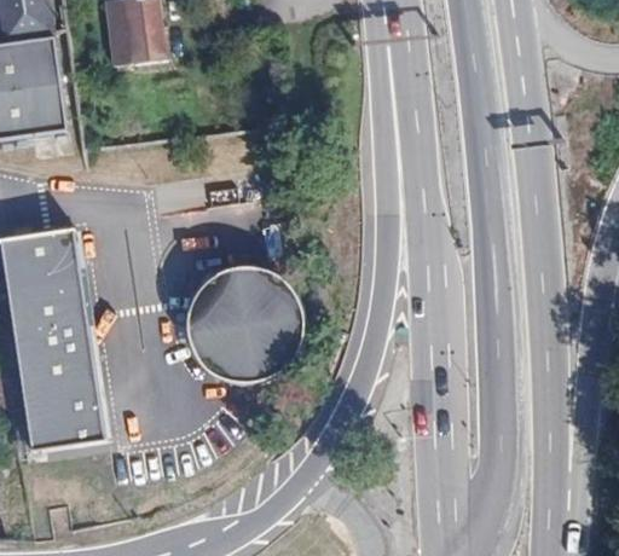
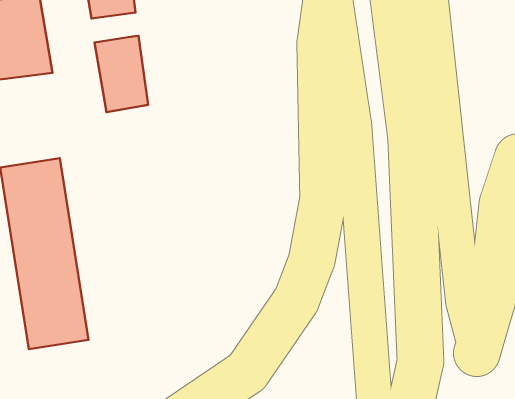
building: none -> [95,36,148,112]
building: [180,263,297,380] -> none

